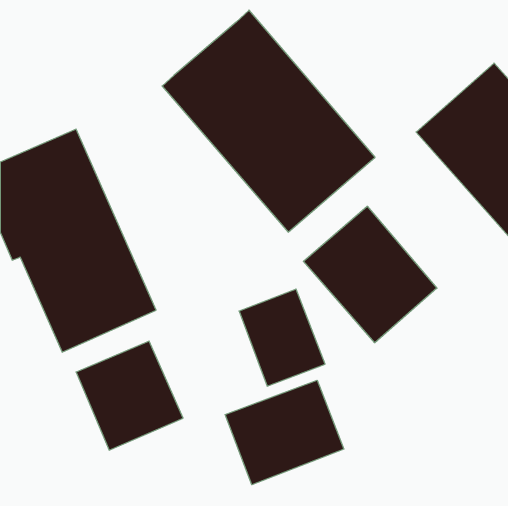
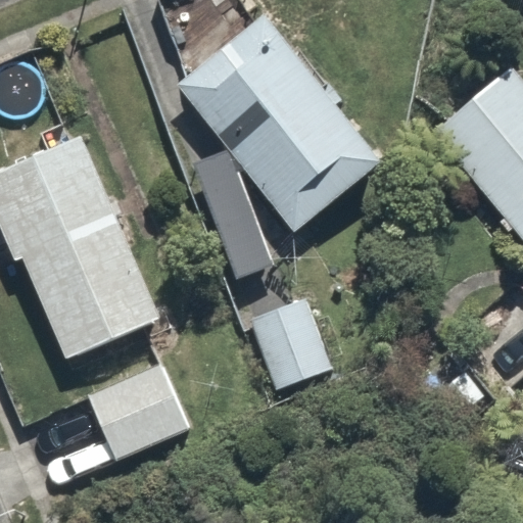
building: [303,206,437,343] -> none
building: [225,380,344,485] -> none

